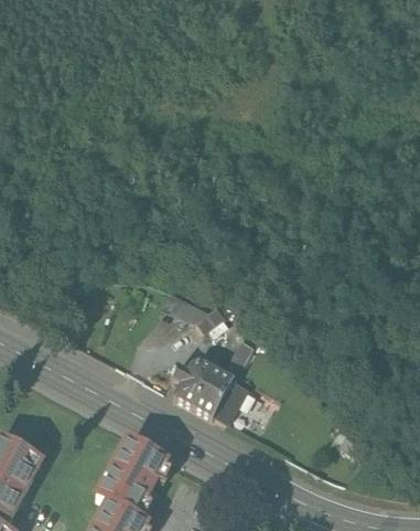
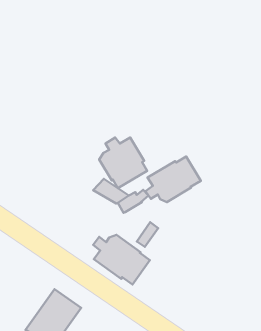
building: none -> [99,137,147,188]
building: none -> [146,157,201,202]

